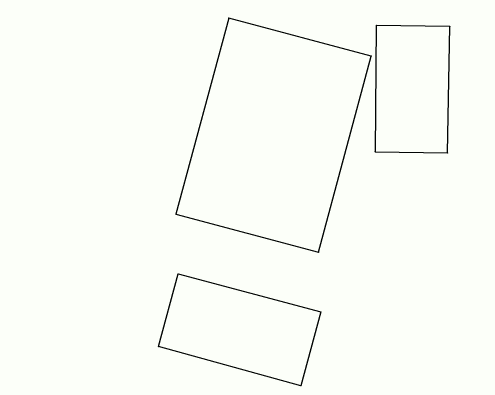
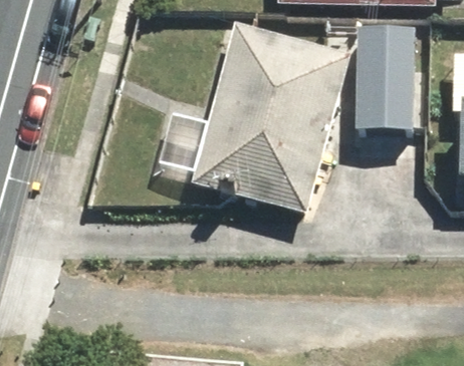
building: [159,274,321,386] -> none

